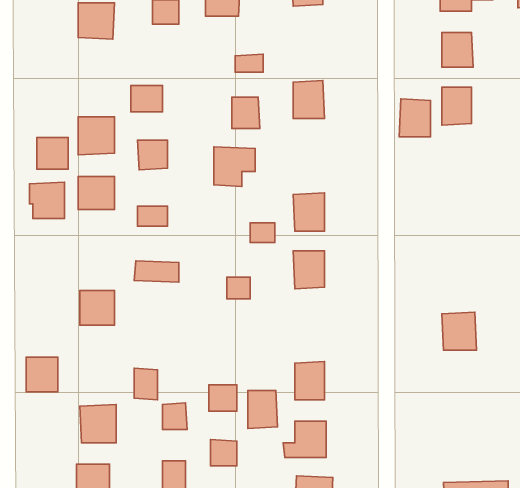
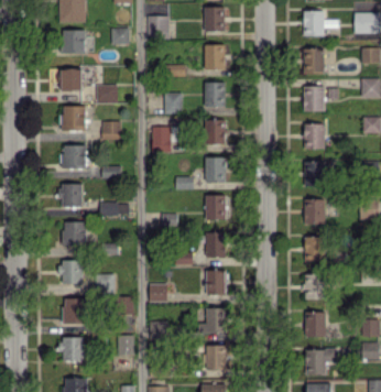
building: none -> [204,44,226,69]
building: [399,99,431,137] -> [304,123,325,149]
building: none -> [205,119,226,144]
building: [37,138,68,169] -> [62,69,83,90]
building: [30,182,64,219] -> [59,183,83,207]
building: none -> [304,161,331,186]
building: none -> [304,198,326,225]
building: [26,357,58,392] -> [61,260,81,283]
building: none -> [305,273,325,300]
building: [248,391,278,429] -> [206,232,226,258]
building: none -> [305,312,326,337]

